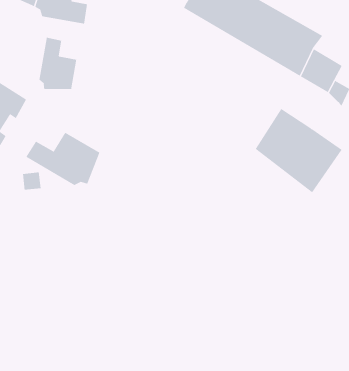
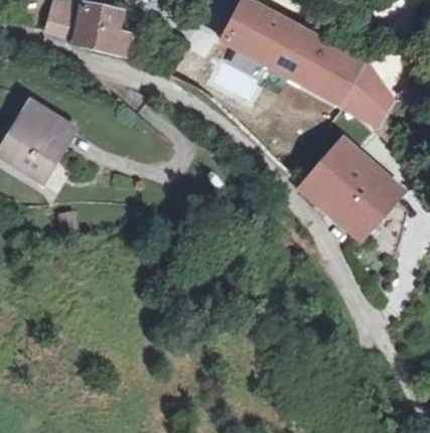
building: [39,37,77,90] -> none
building: [25,132,100,186] -> none

